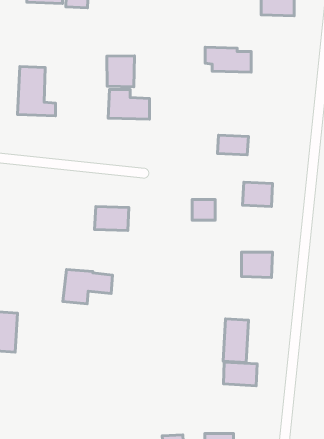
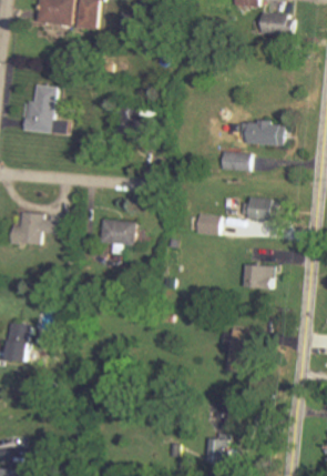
building: [205,47,251,72] -> [241,120,285,144]
building: [107,56,135,87] -> none
building: [63,269,112,304] -> [16,211,63,244]
building: [223,362,257,386] -> none

